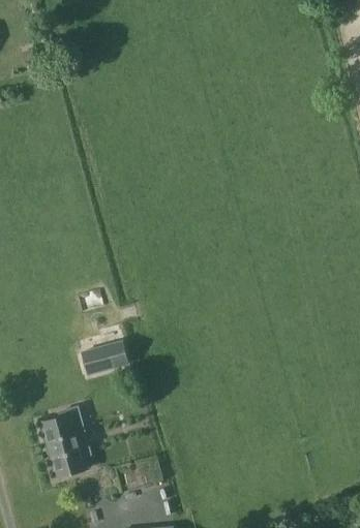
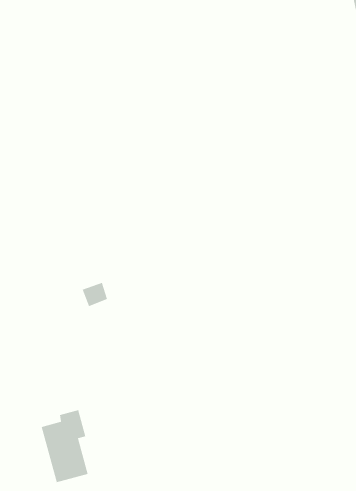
building: [81,338,127,371] -> none

